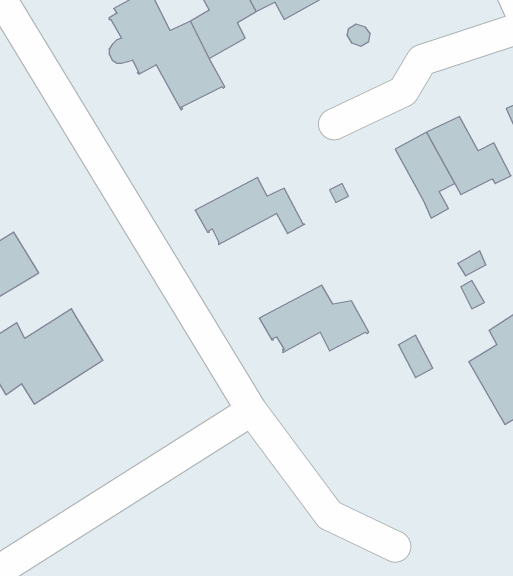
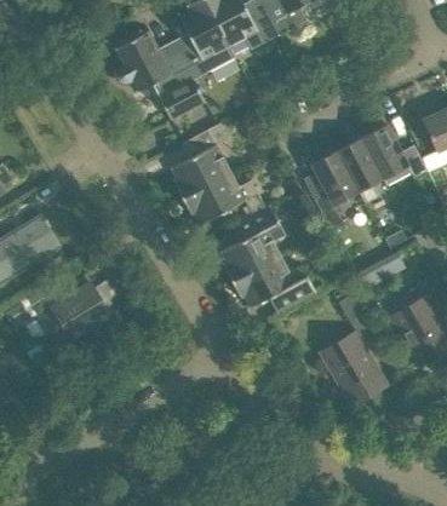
building: none -> [171,122,230,197]
building: none -> [311,150,359,231]
building: none -> [220,205,280,281]
building: none -> [320,332,386,406]

